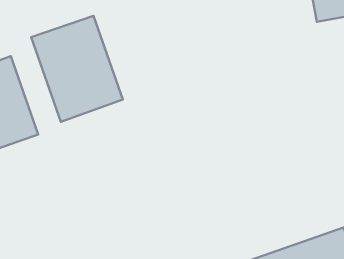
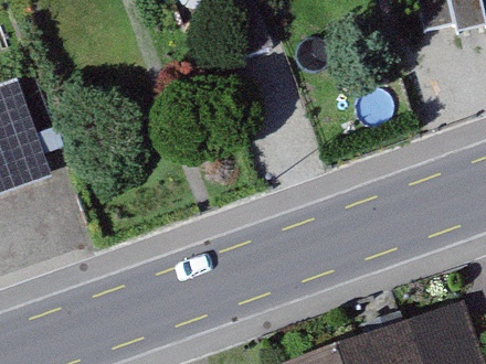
building: [31,16,123,122] -> none

